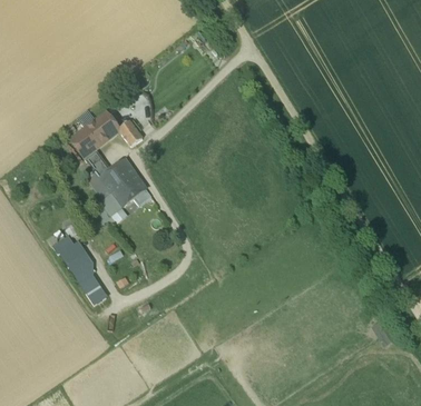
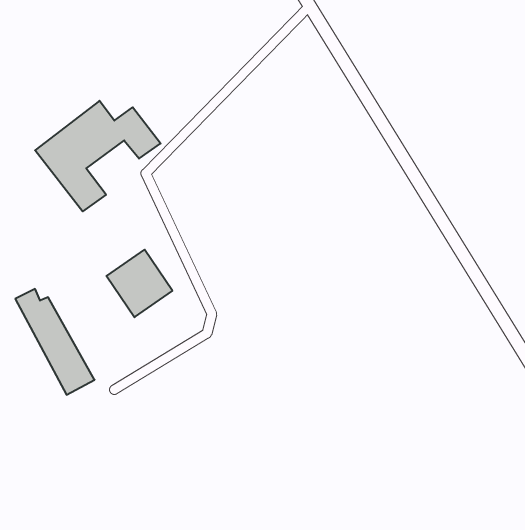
building: [104,164,148,209] -> [106,250,172,317]

